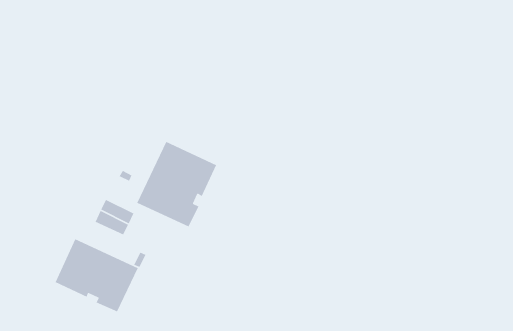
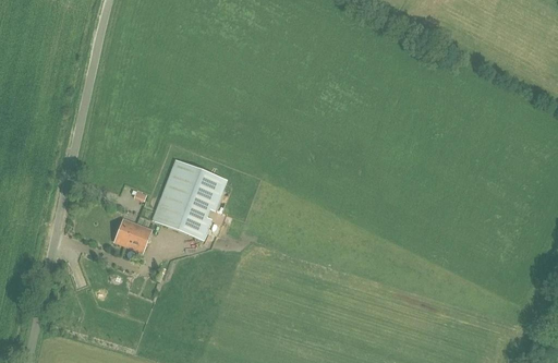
building: [54,238,139,313] -> none

